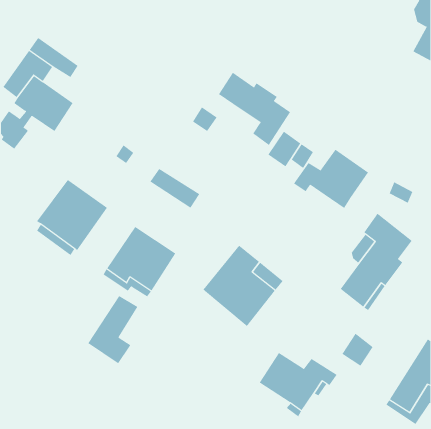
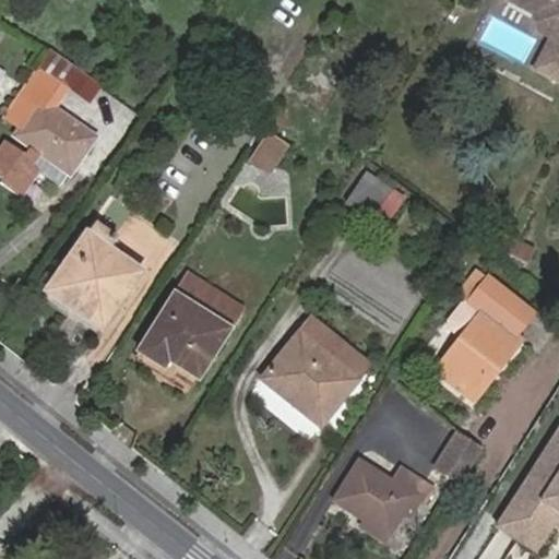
building: [218,72,291,146] -> none
building: [293,149,369,209] -> none
building: [149,168,200,209] -> [175,275,240,328]
building: [87,295,138,364] -> none

